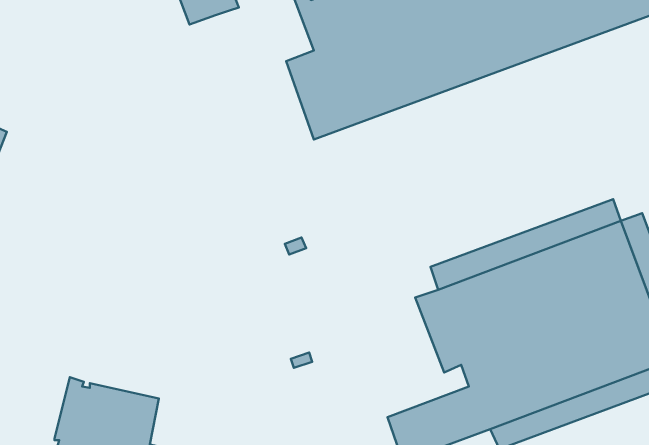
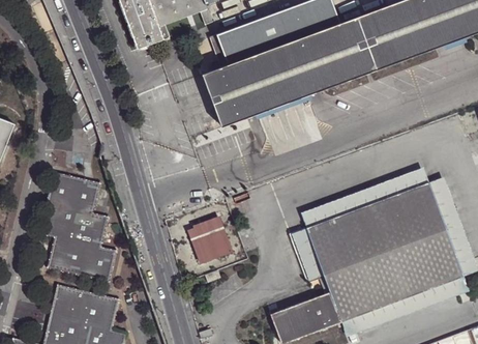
building: none -> [38,174,114,284]
building: none -> [189,219,231,262]

